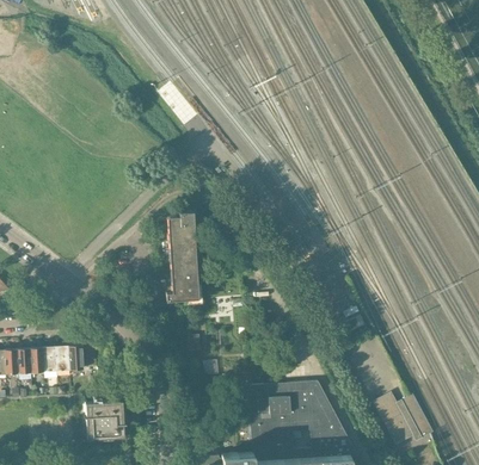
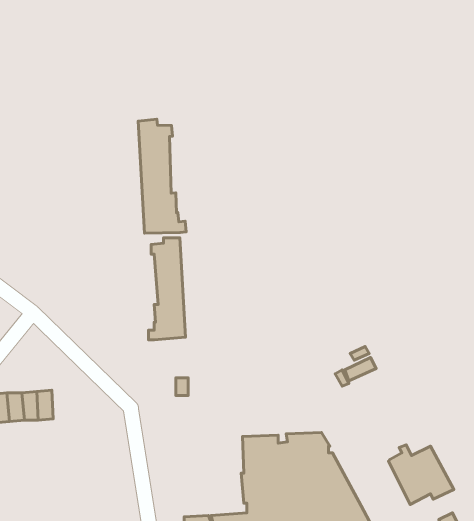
building: none -> [138,119,186,233]
building: [85,399,125,439] -> none

